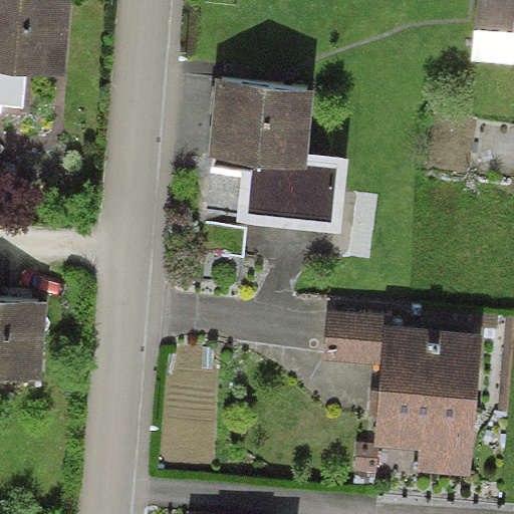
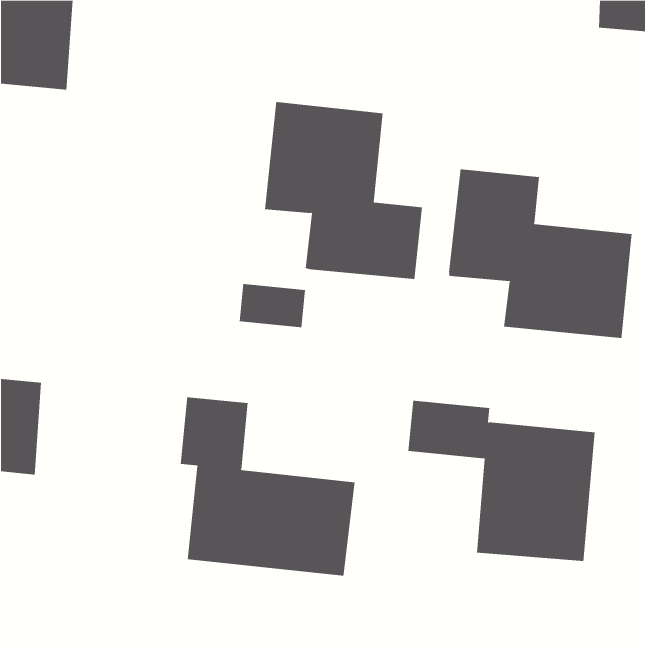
building: none -> [449,169,632,339]
building: none -> [180,396,355,576]

